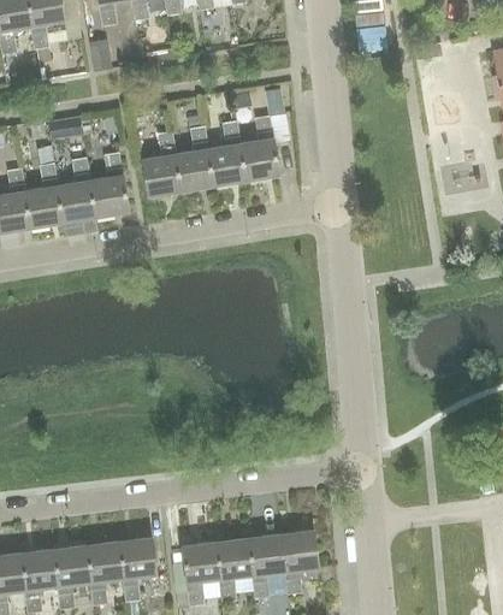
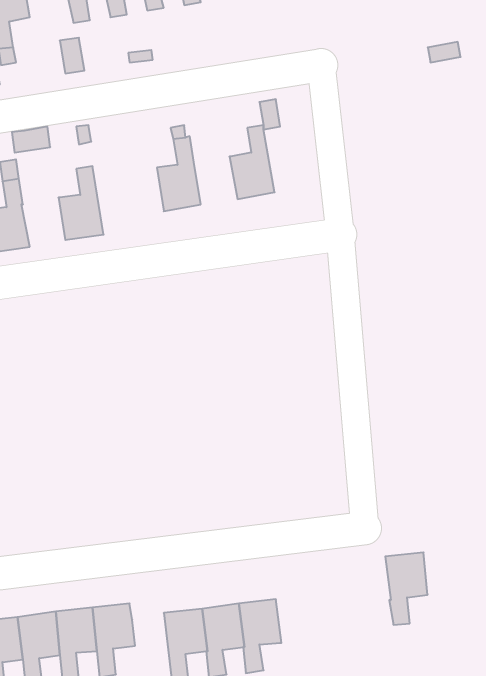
building: [208,120,247,185] -> none
building: [142,131,182,196] -> none
building: [57,156,95,223] -> none
building: [280,530,318,593] -> [385,552,428,625]

